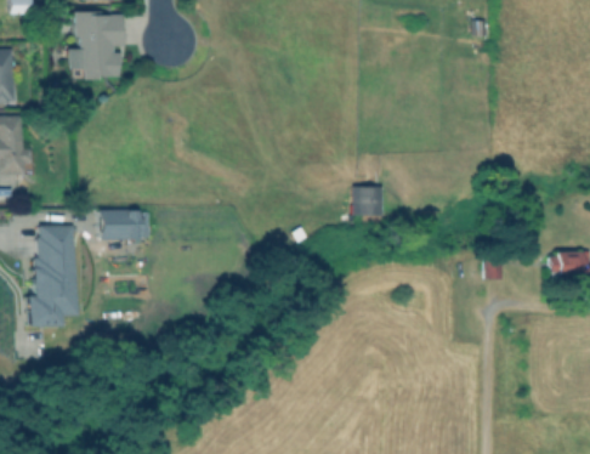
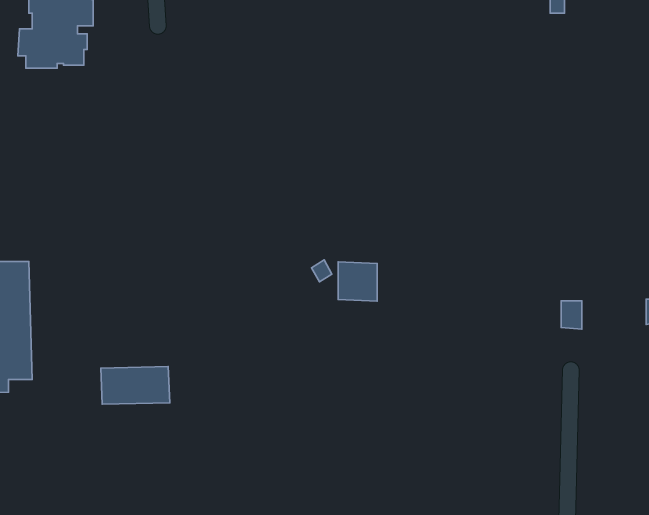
building: [352,186,382,216] -> [338,262,377,301]
building: [97,212,151,242] -> [101,367,170,404]

